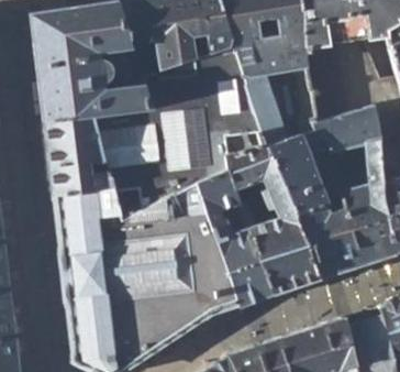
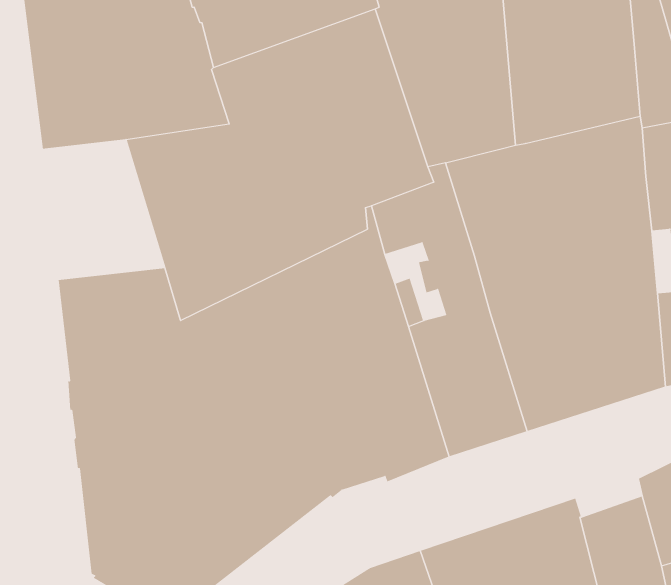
building: [44,114,113,194] -> none

